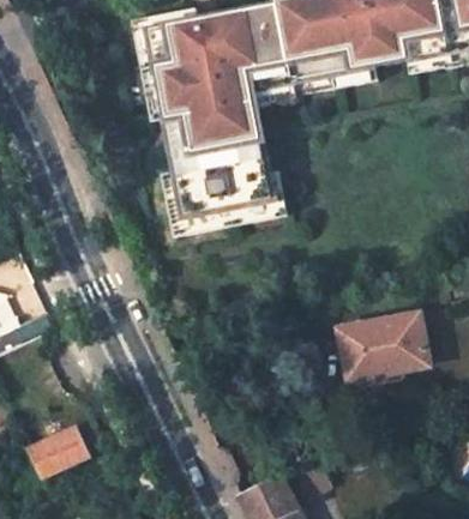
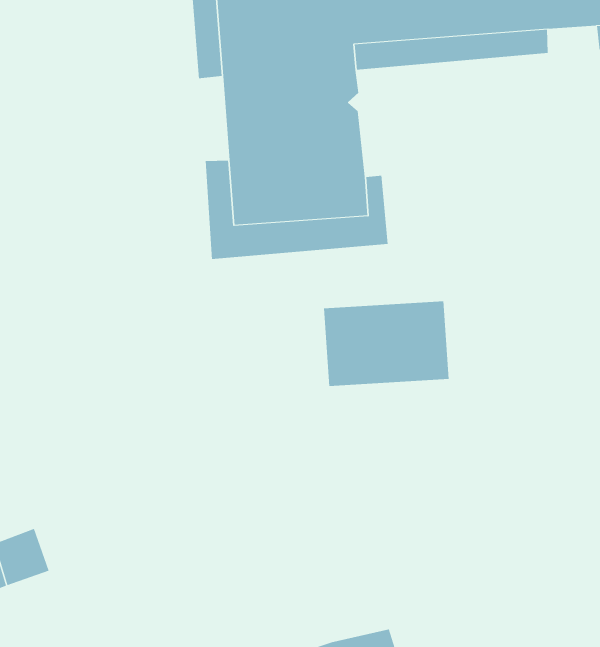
building: [341,313,428,378] -> [323,301,450,387]

